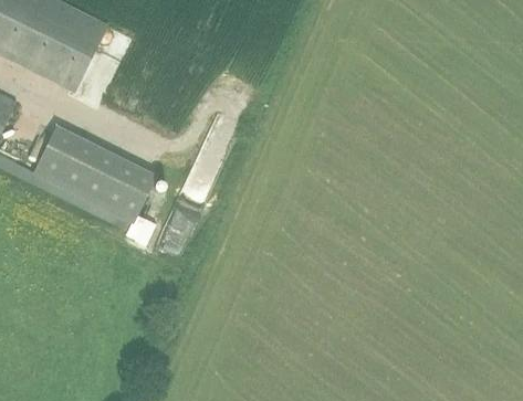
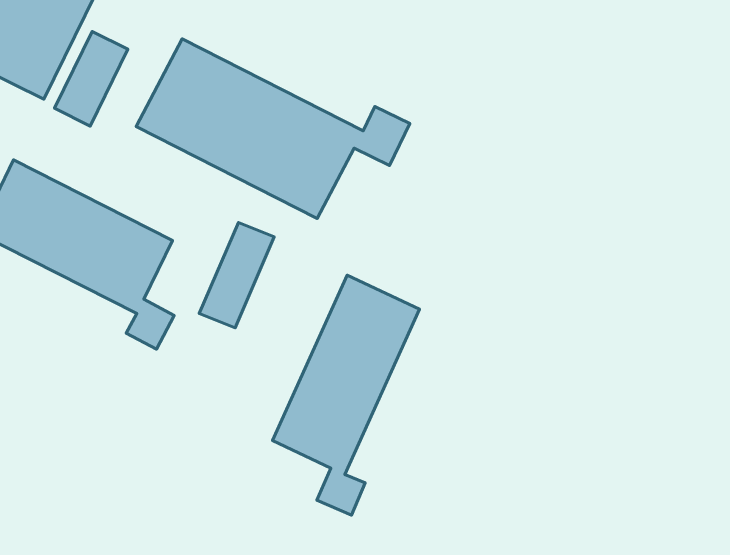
building: none -> [136,39,410,219]
building: none -> [273,275,419,515]

